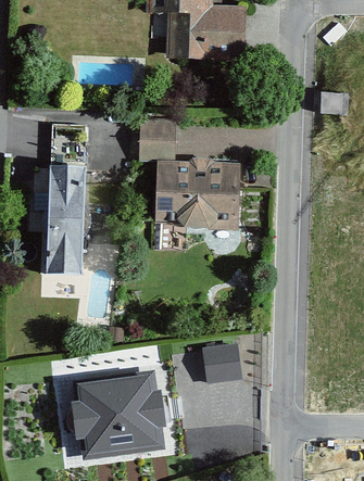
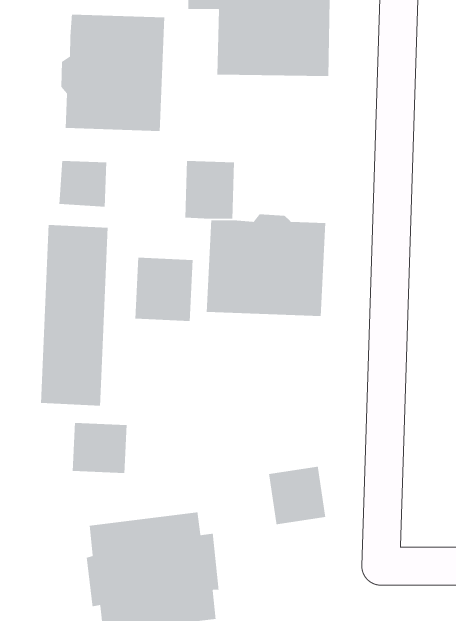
building: none -> [60,14,165,132]
building: none -> [134,257,194,322]
building: none -> [72,422,128,474]

